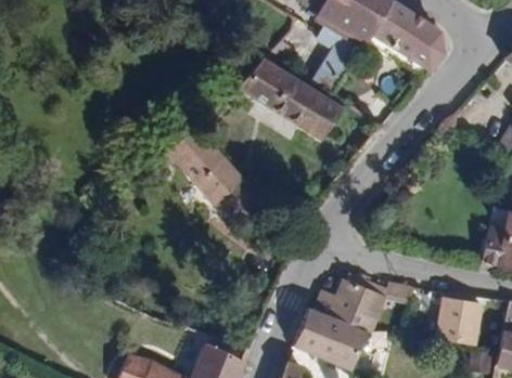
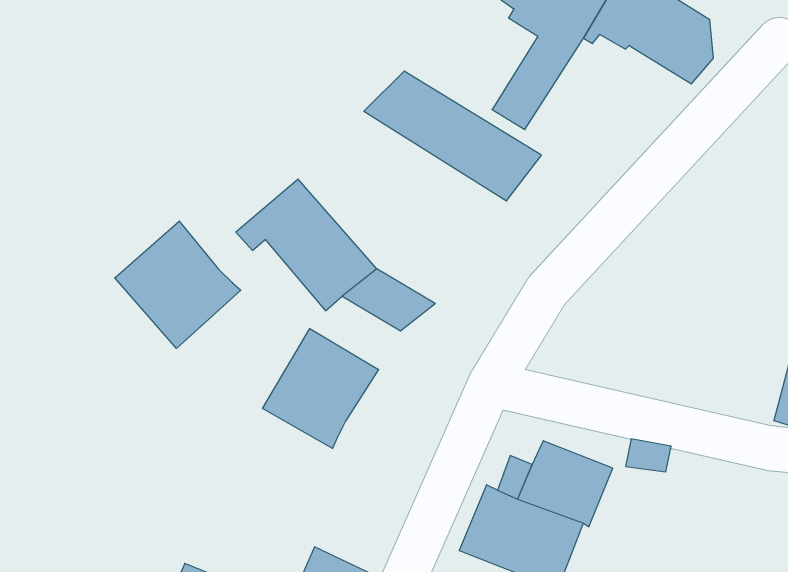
building: none -> [115,221,241,348]
building: none -> [263,329,379,448]
building: [437,299,482,344] -> none

